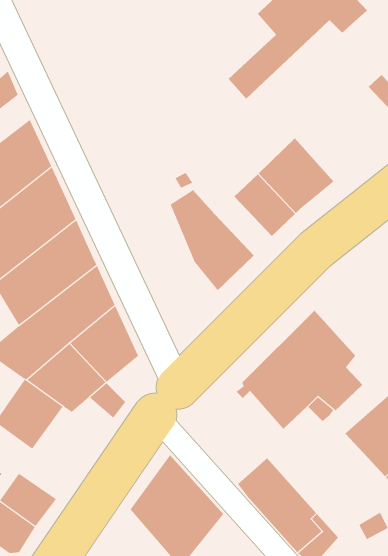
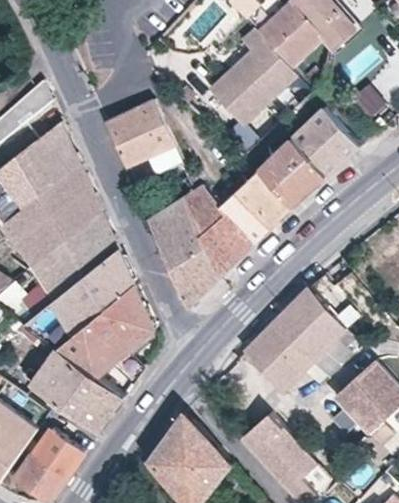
building: none -> [207,29,296,125]
building: none -> [104,99,182,176]
building: none -> [291,108,359,177]
building: none -> [222,190,271,241]
building: none -> [148,197,224,307]
building: none -> [64,372,125,433]

